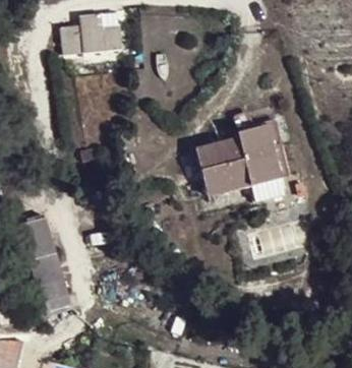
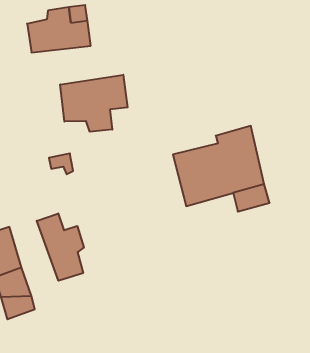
building: none -> [60,75,128,132]
building: none -> [37,213,84,281]

